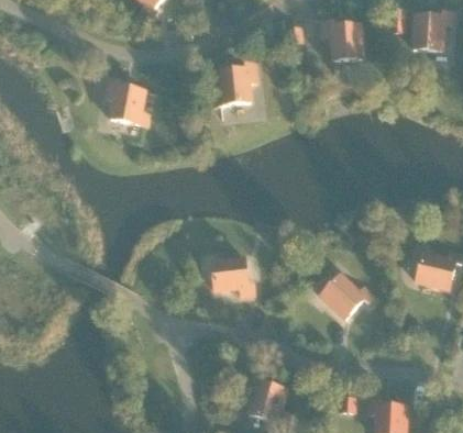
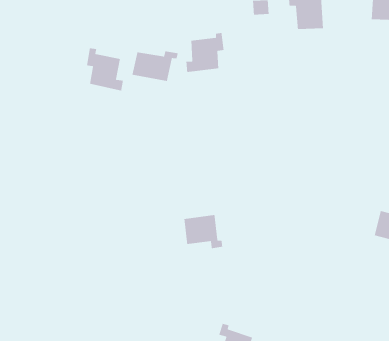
building: none -> [132,50,179,82]
building: [320,274,373,319] -> none

